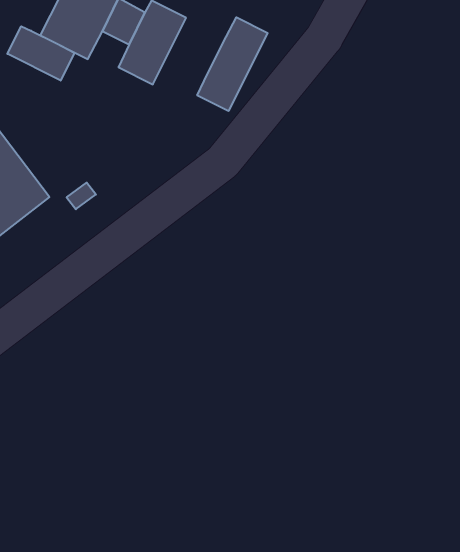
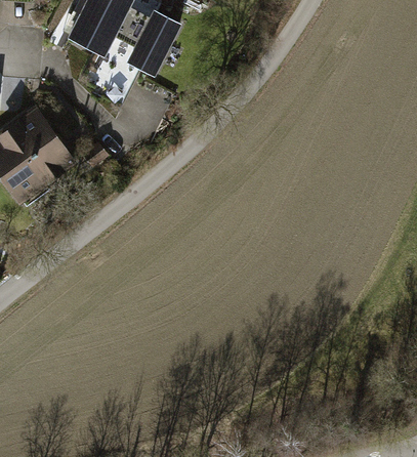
building: [197,17,268,111] -> none
building: [7,26,74,81] -> none

